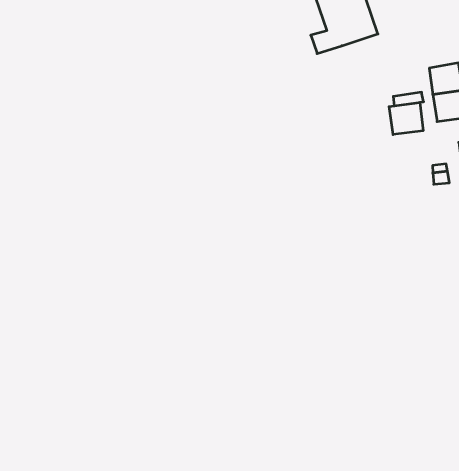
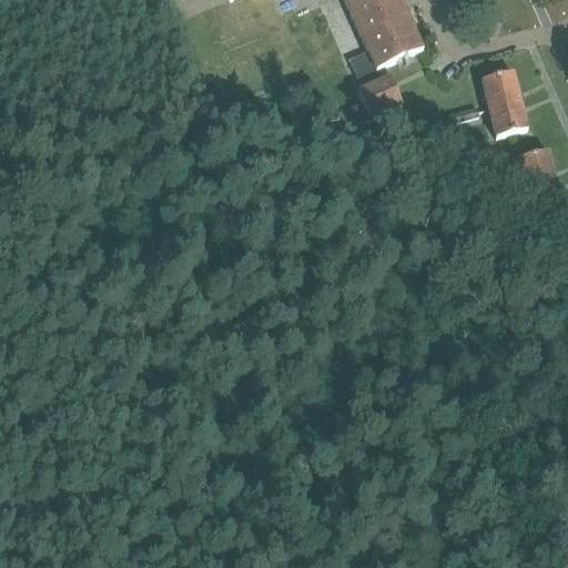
building: none -> [355,62,402,114]
building: [389,102,423,135] -> none

